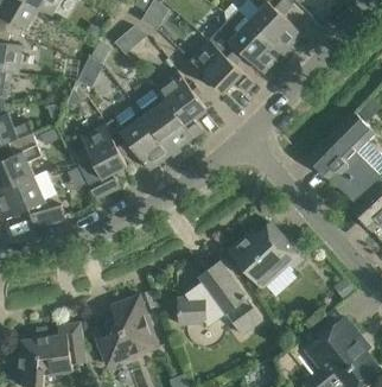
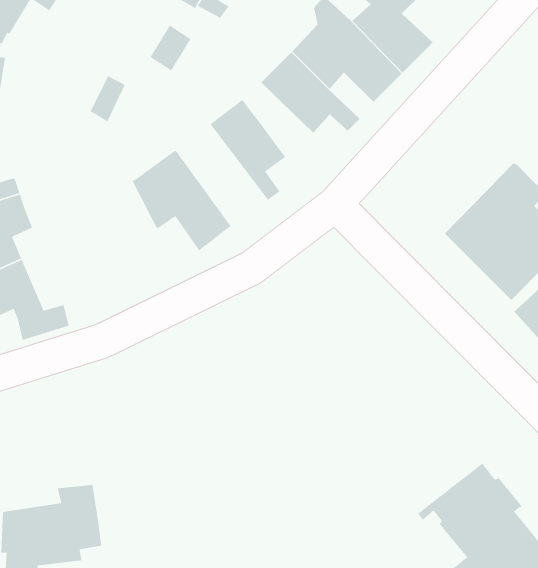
building: [134,88,195,157] -> none
building: [78,125,127,199] -> none
building: [230,224,303,287] -> none
building: [178,261,263,336] -> none
building: [96,294,157,364] -> none

